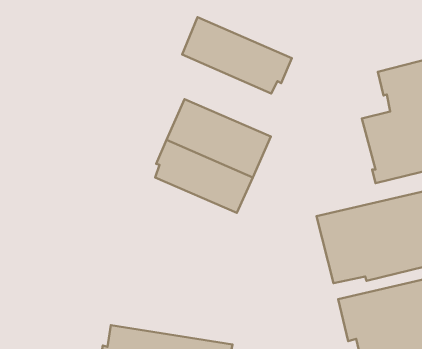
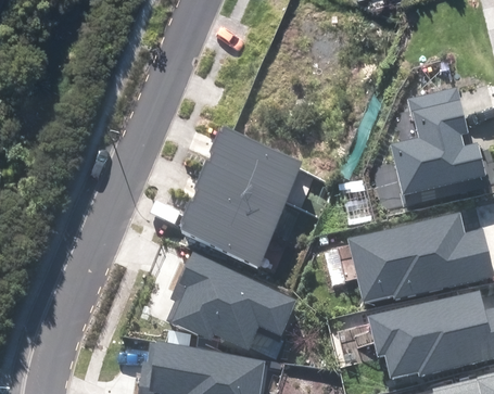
building: [182,17,292,94] -> none
building: none -> [176,199,271,266]
building: none -> [167,254,297,349]

